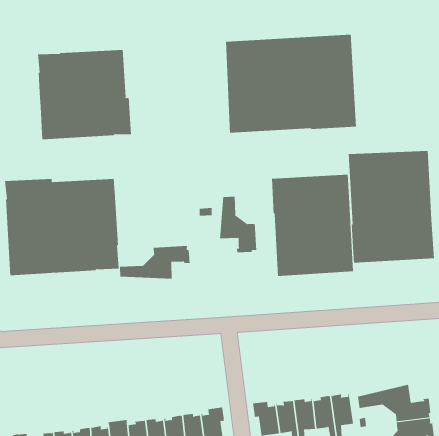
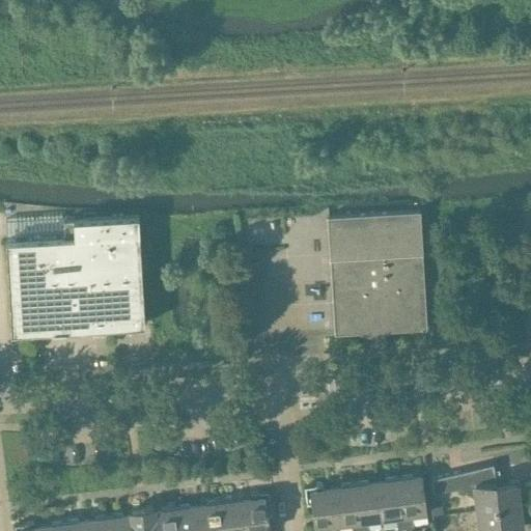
building: [225,34,356,133] -> none
building: [38,49,131,140] -> none
building: [348,150,434,263] -> none
building: [220,196,257,253] -> none
building: [120,245,190,280] -> none

